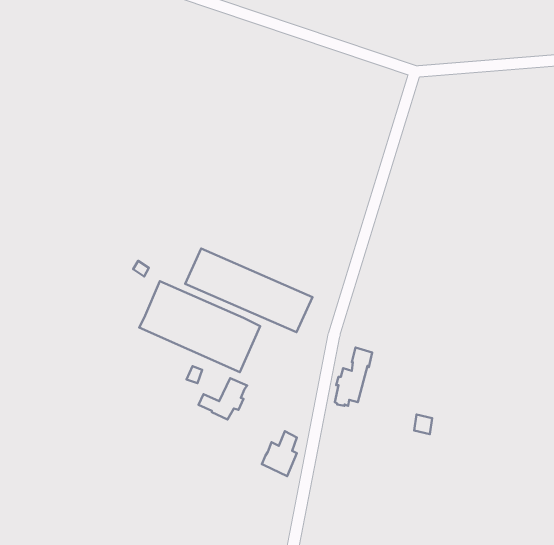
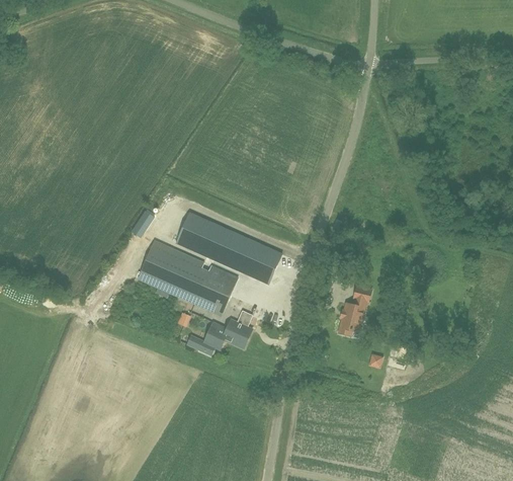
building: [335,348,372,406] -> [339,285,370,333]
building: [262,431,297,476] -> [222,309,251,346]

